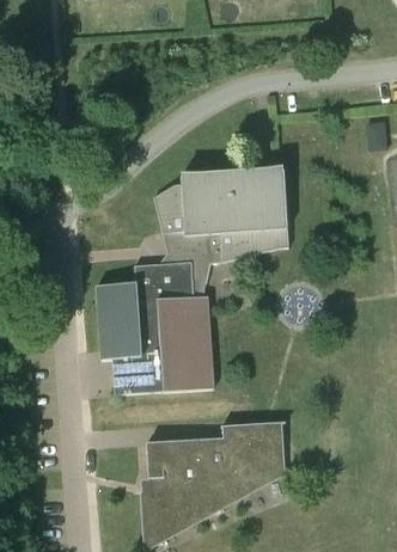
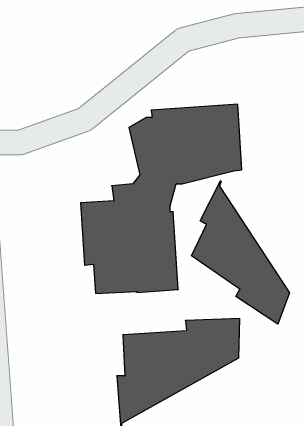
building: none -> [192,181,290,324]

